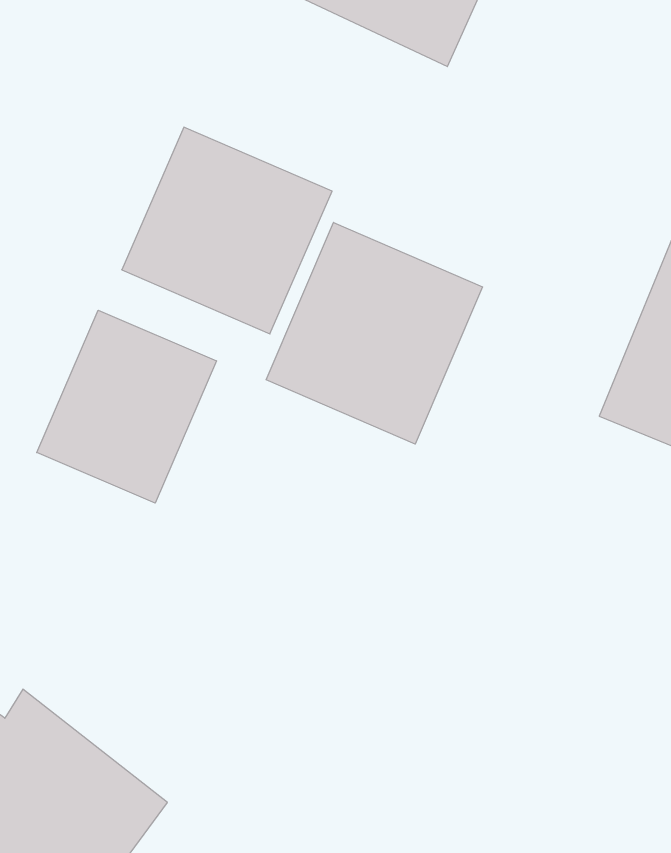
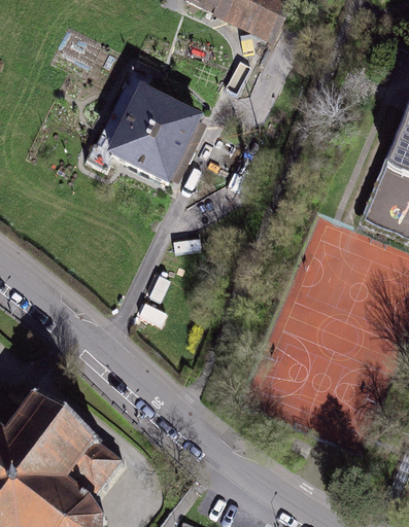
building: [266,222,483,444] -> none
building: [37,310,216,503] -> none

